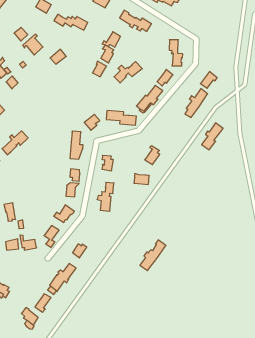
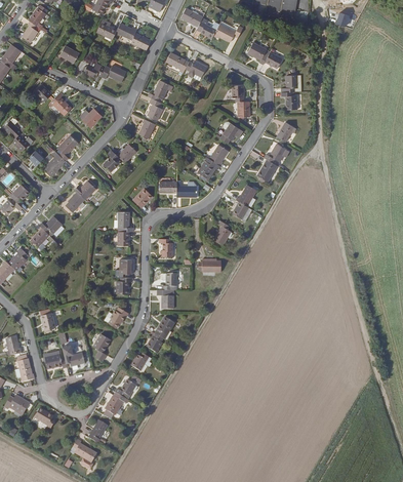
building: none -> [247,41,283,68]
building: none -> [281,74,297,109]
building: [114,62,142,83] -> [103,143,137,171]
building: none -> [43,135,78,177]
building: none -> [66,179,96,212]
building: [202,123,223,150] -> [232,184,257,218]
building: [140,240,166,271] -> [145,315,175,355]

